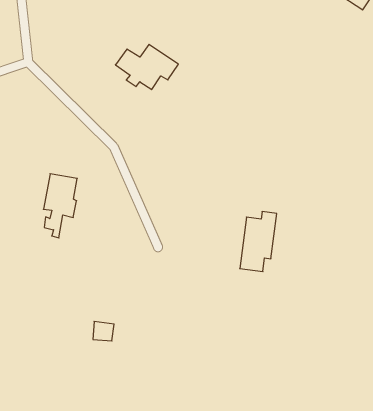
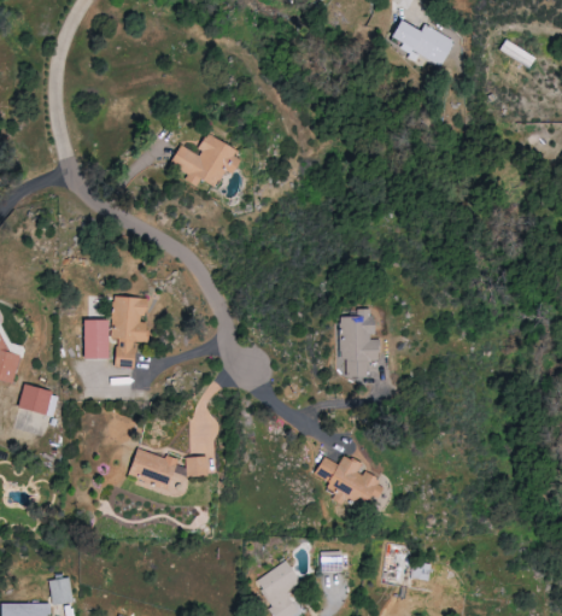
building: none -> [83,321,110,359]
building: none -> [128,448,177,489]
building: none -> [315,456,386,504]

